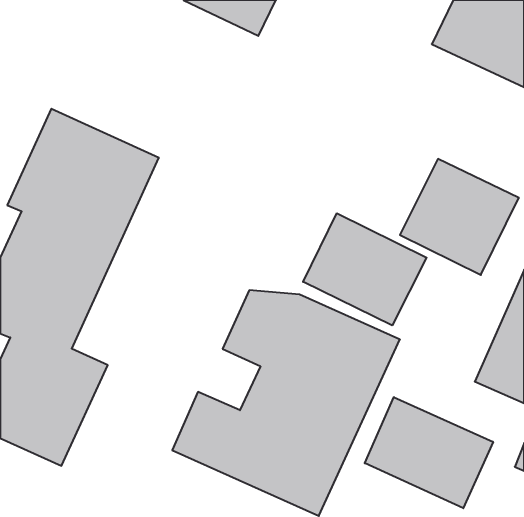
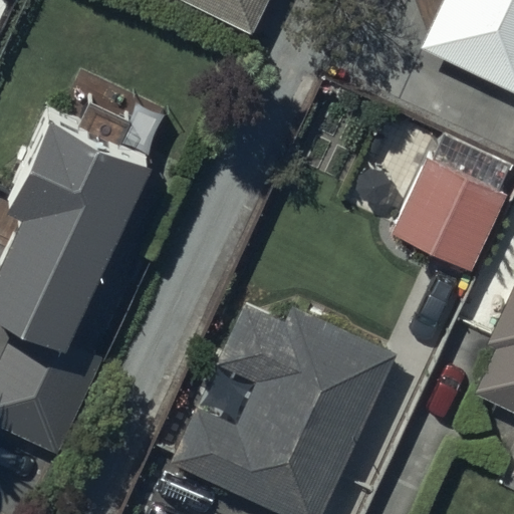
building: [303,213,427,325] -> none
building: [365,397,493,508] -> none

